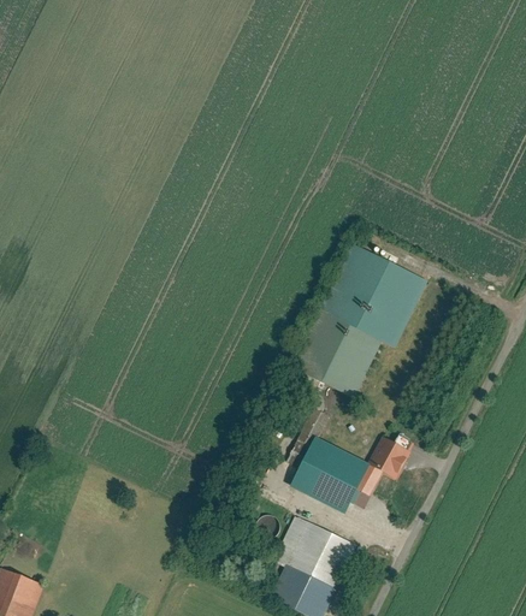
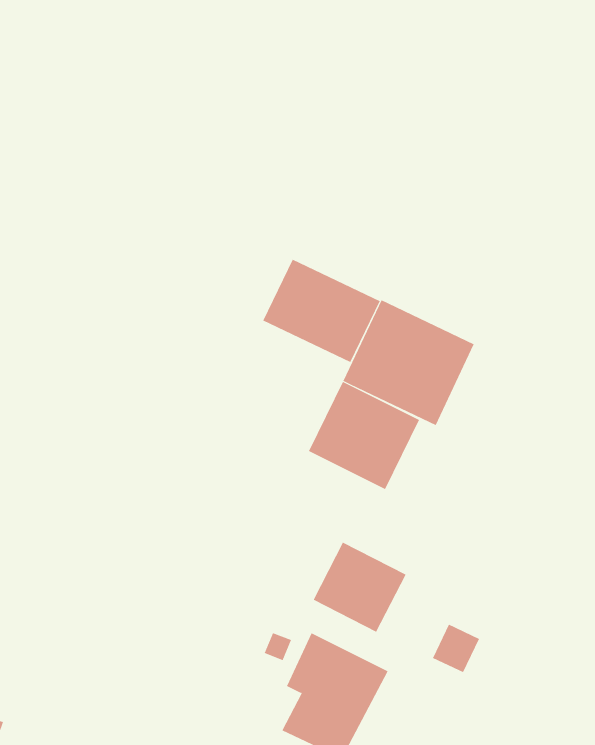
building: none -> [263,259,380,363]
building: [370,439,408,479] -> [432,624,480,673]

